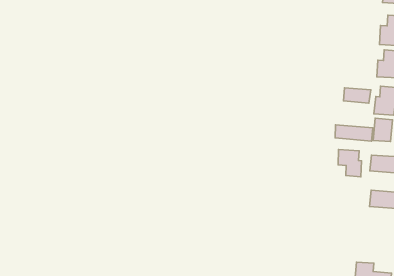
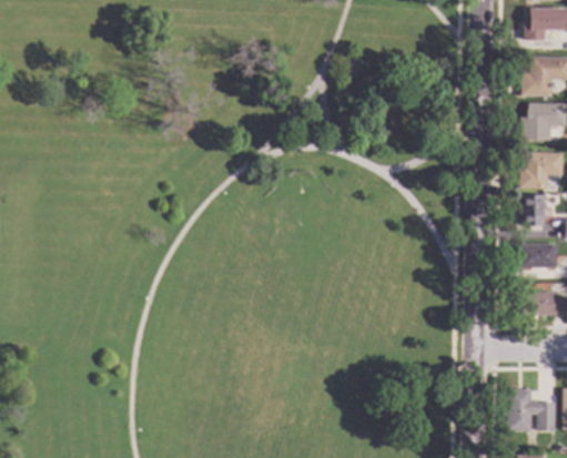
building: [344,88,371,103] -> none
building: [335,125,373,141] -> none
building: [338,150,362,177] -> none

